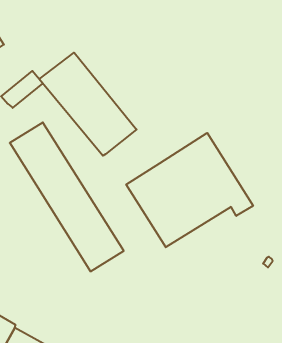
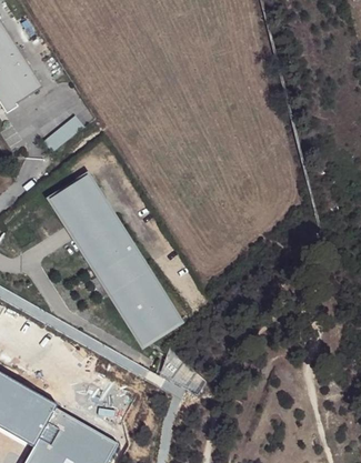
building: [39,53,137,156] -> none
building: [126,133,253,247] -> none

